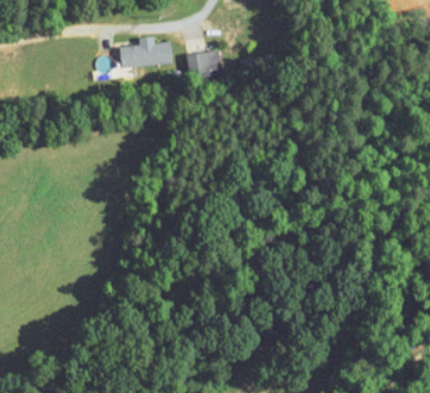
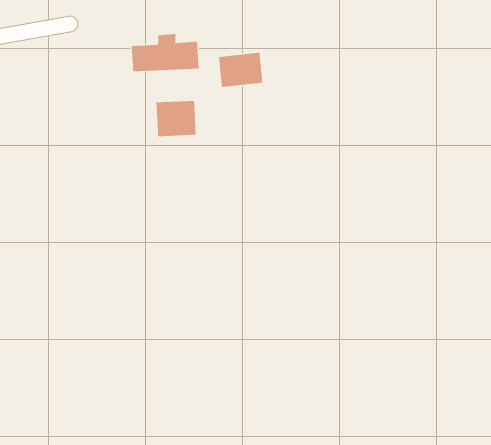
building: none -> [156,100,197,137]

